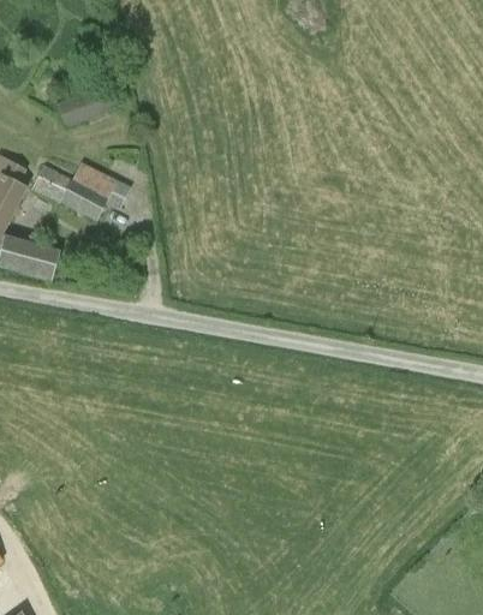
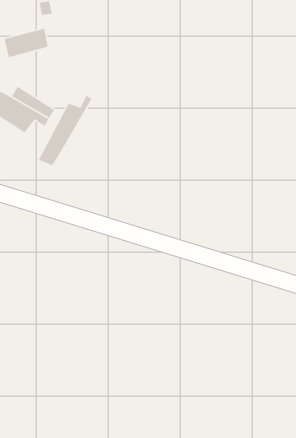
building: none -> [38,95,92,166]

